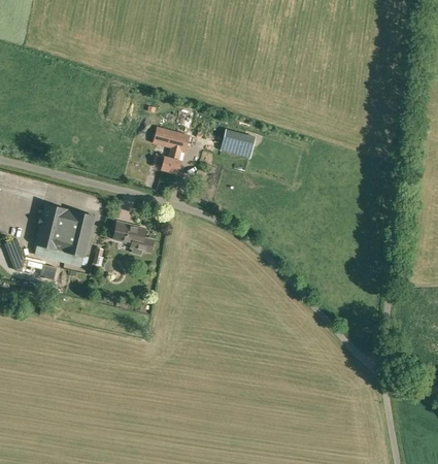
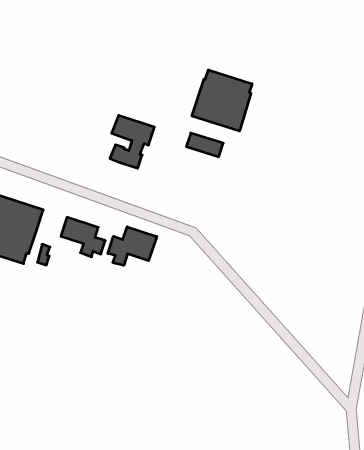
building: none -> [192,70,252,131]
building: none -> [108,227,157,265]

